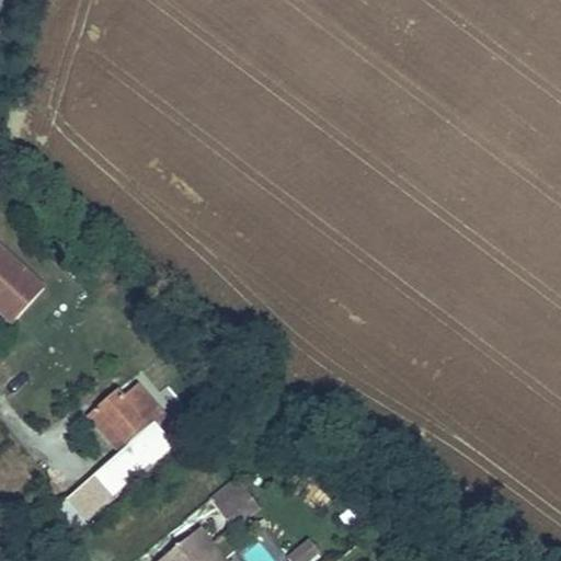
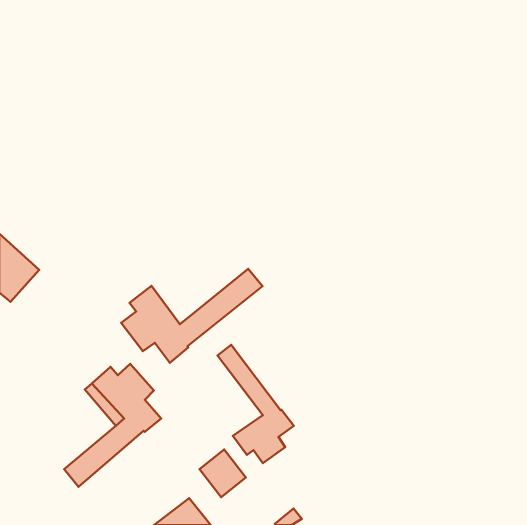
building: none -> [121,269,263,363]
building: none -> [217,345,294,463]

